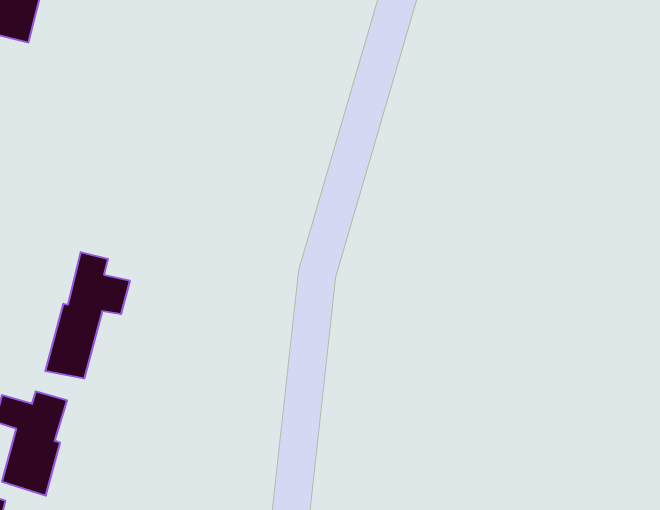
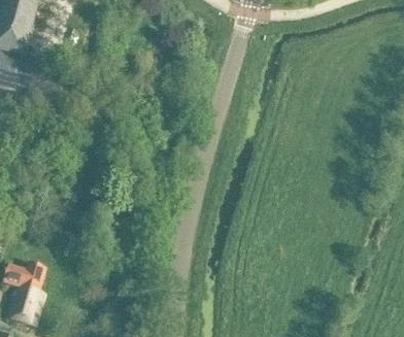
building: [45,252,130,379] -> none

